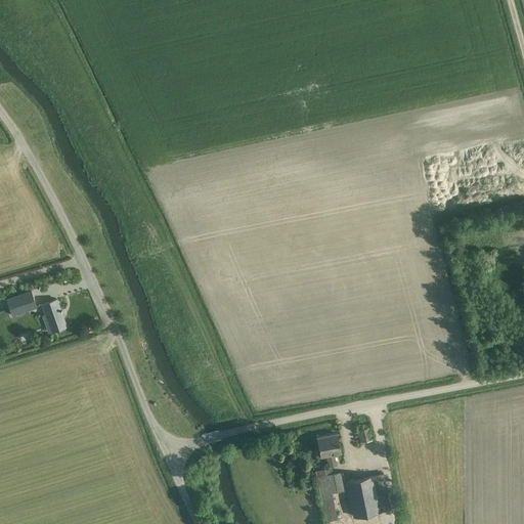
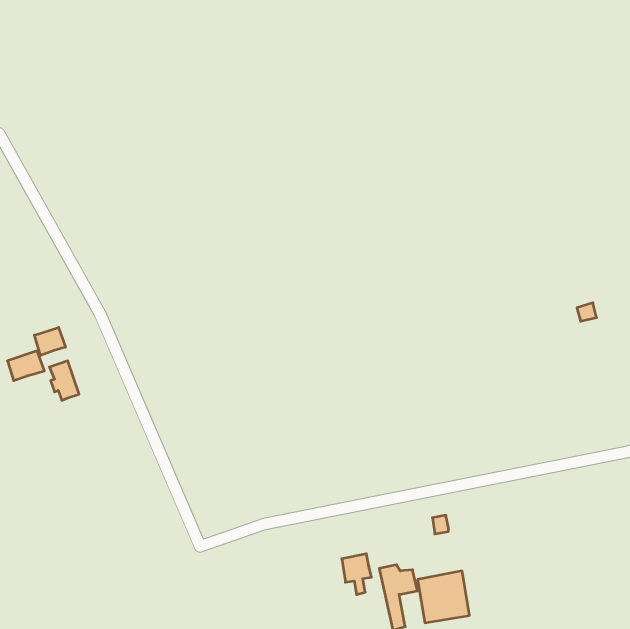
building: none -> [34,327,65,356]
building: [316,435,341,469] -> [342,554,371,595]

